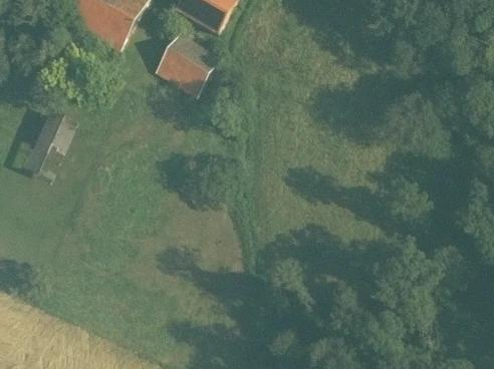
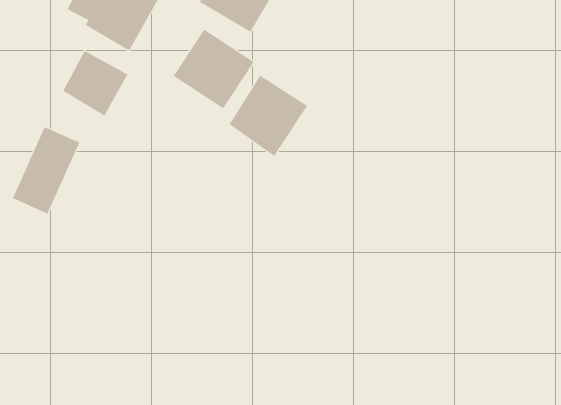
building: none -> [63,50,128,116]
building: none -> [229,75,308,157]

